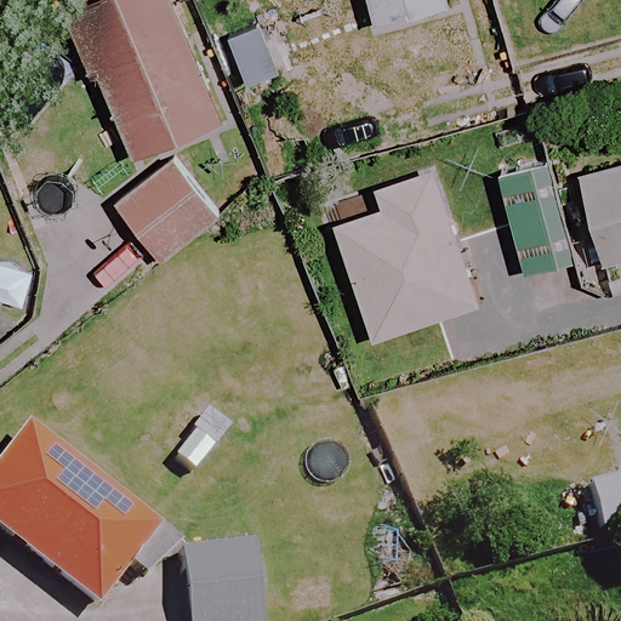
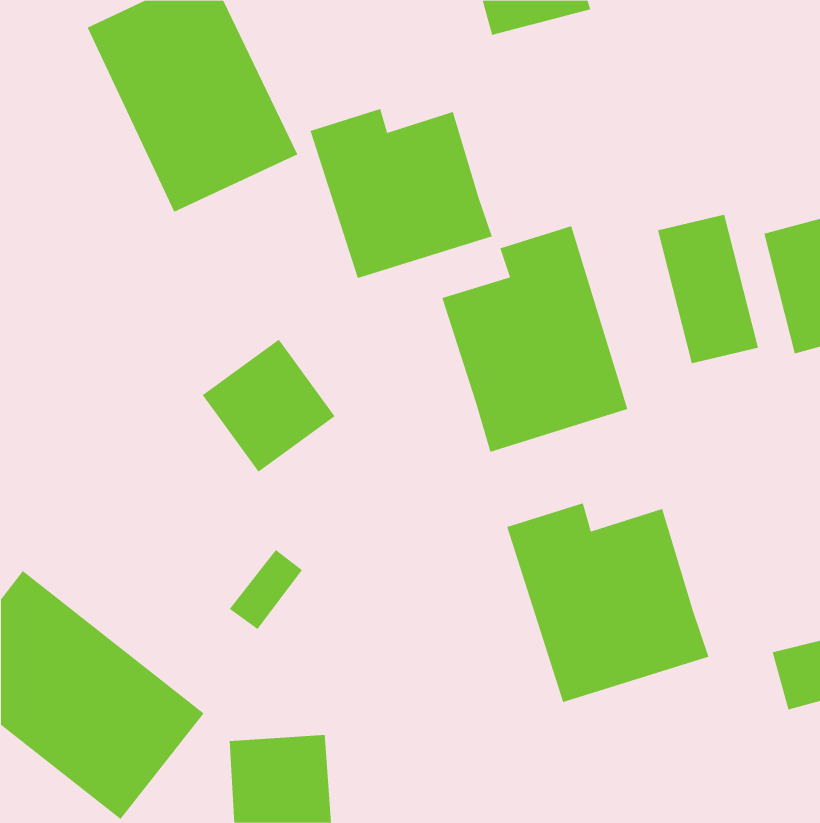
building: none -> [310,108,492,279]
building: [116,161,217,262] -> [202,339,335,472]
building: none -> [507,502,709,703]

